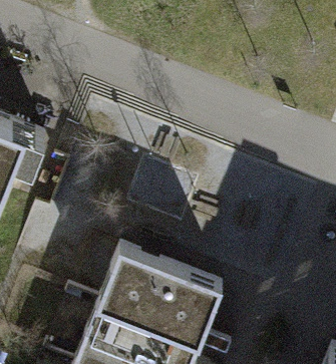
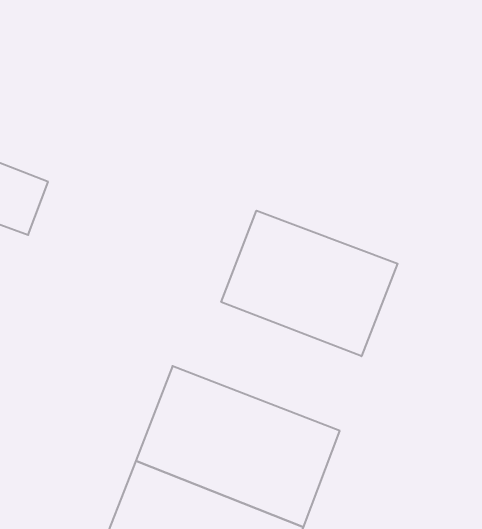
building: none -> [221,211,398,356]

